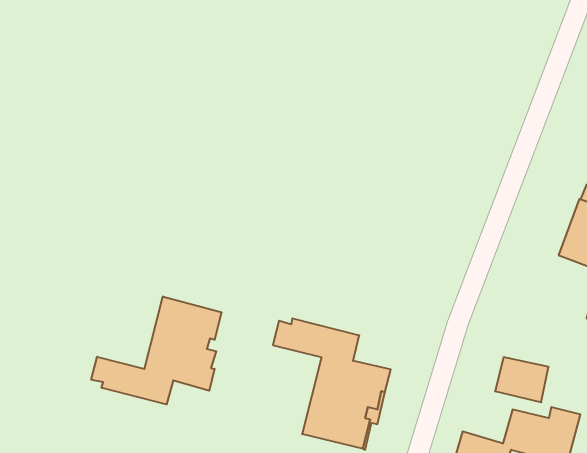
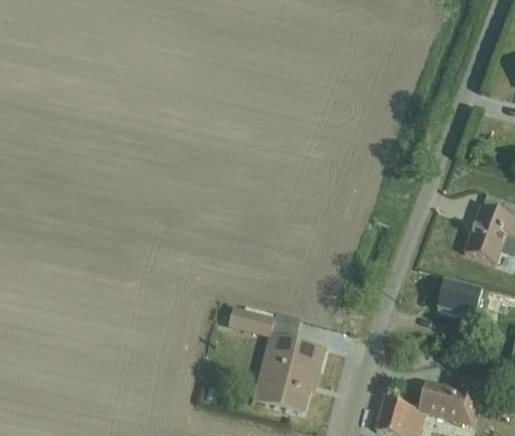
building: [91,296,222,404] -> none
building: [495,357,549,402] -> [438,281,482,318]

